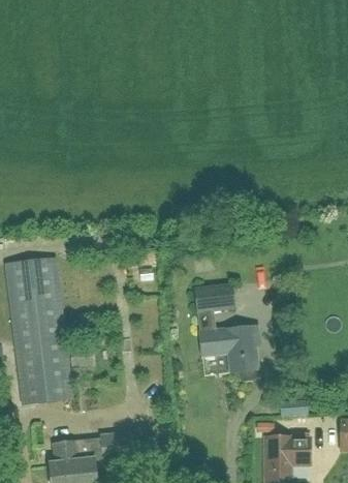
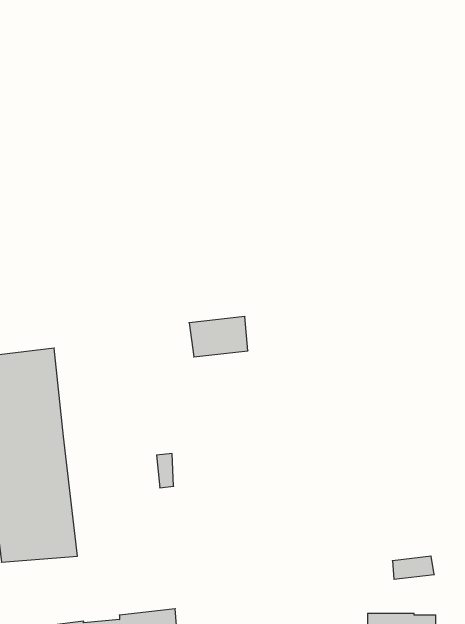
building: [194,284,233,311] -> [189,317,248,357]
building: [199,325,258,380] -> none

